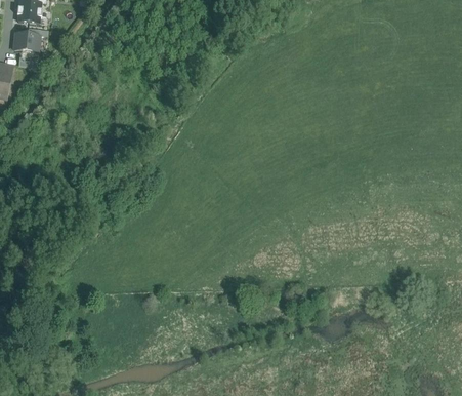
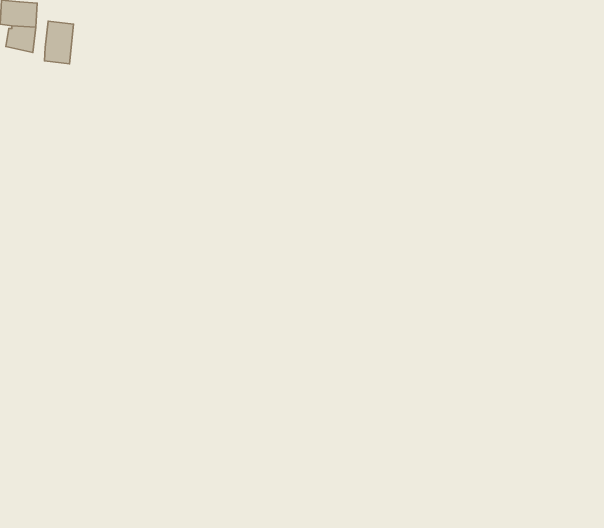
building: none -> [44,21,73,64]

